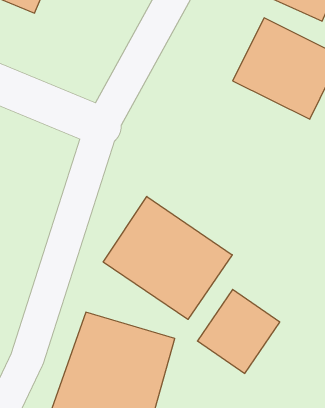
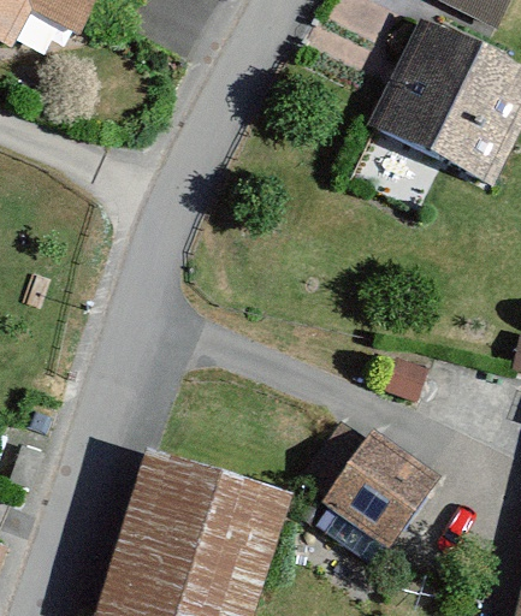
building: [103,196,232,319] -> none

